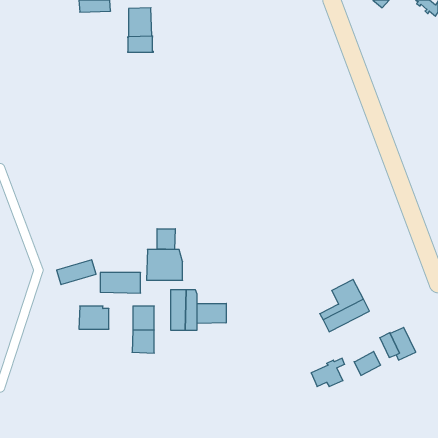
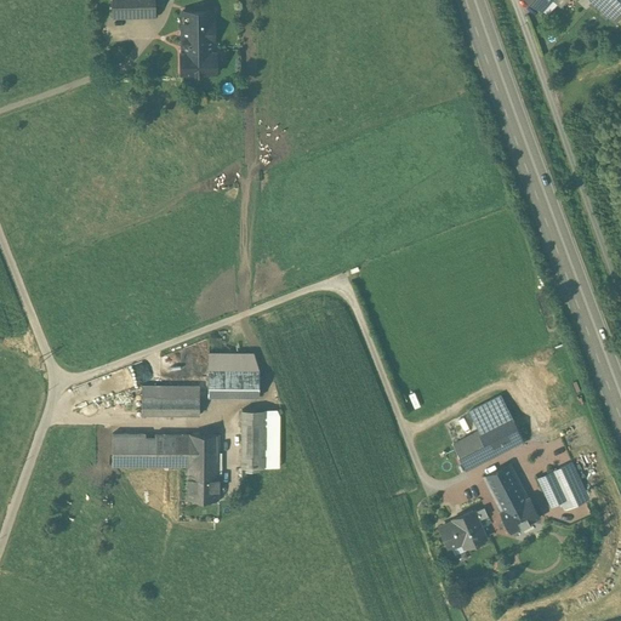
building: [157,229,175,249] -> none
building: [197,303,226,324] -> none
building: none -> [154,433,188,467]
building: none -> [485,465,526,512]

